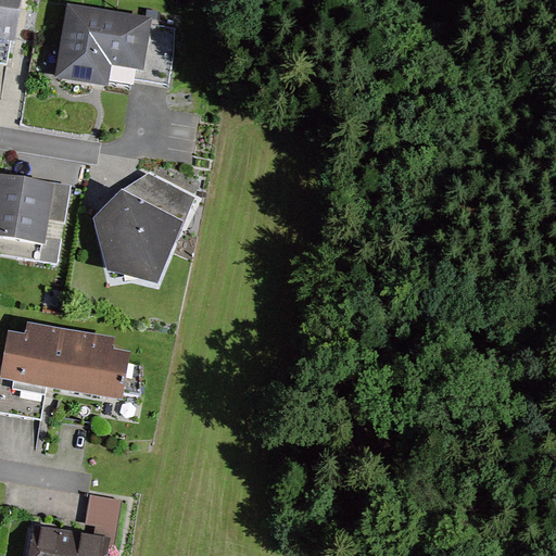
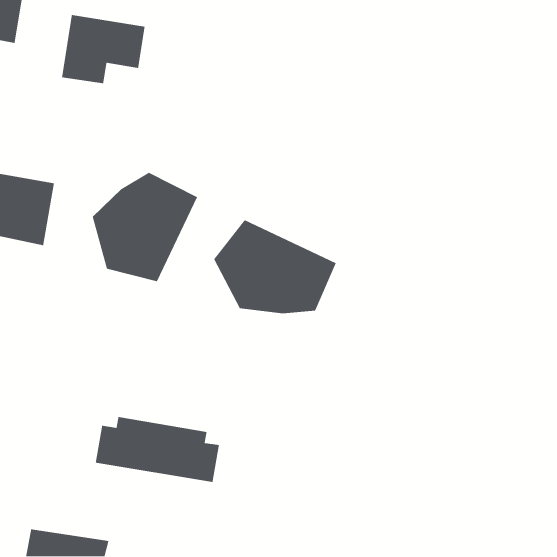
building: none -> [213,219,337,314]
building: [7,334,130,401] -> [95,416,220,483]
building: [85,494,121,534] -> none

